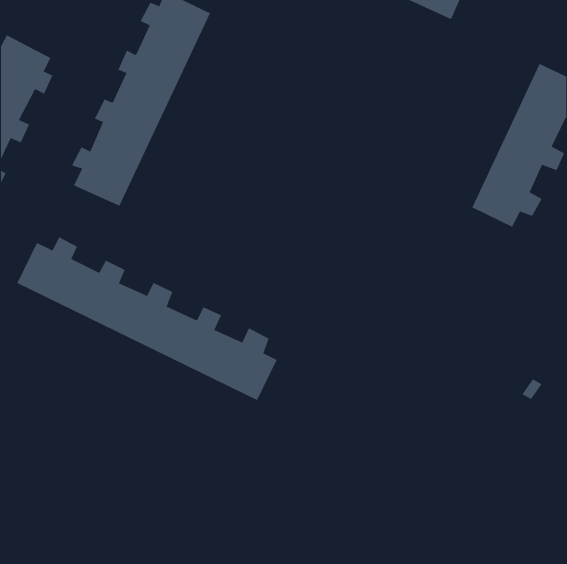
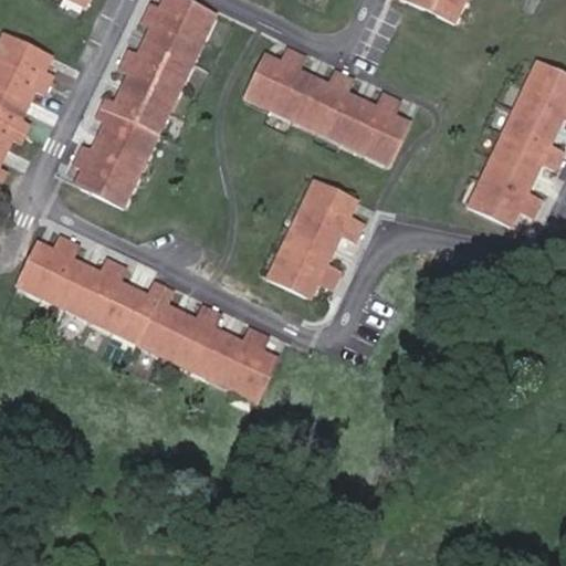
building: none -> [243,48,409,161]
building: none -> [268,182,363,301]

